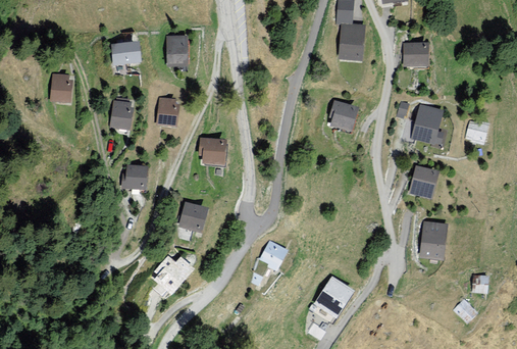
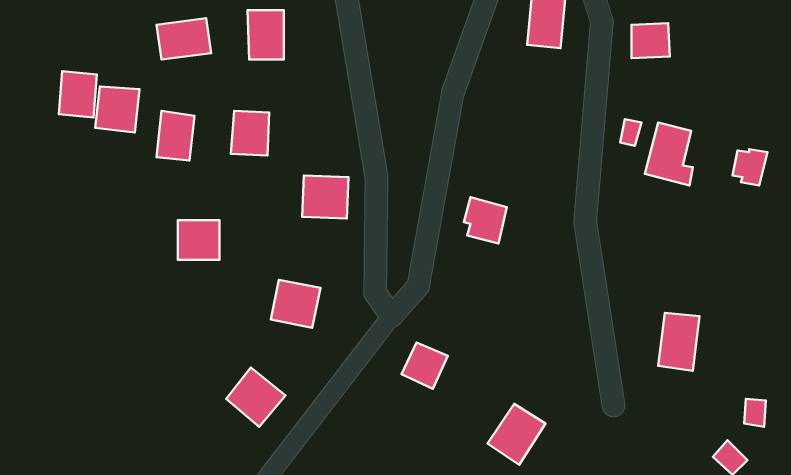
building: none -> [95,87,139,132]
building: [328,101,355,130] -> [464,197,507,244]
building: [409,166,435,197] -> none

